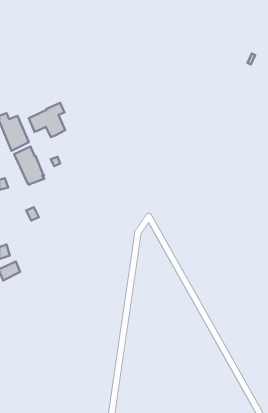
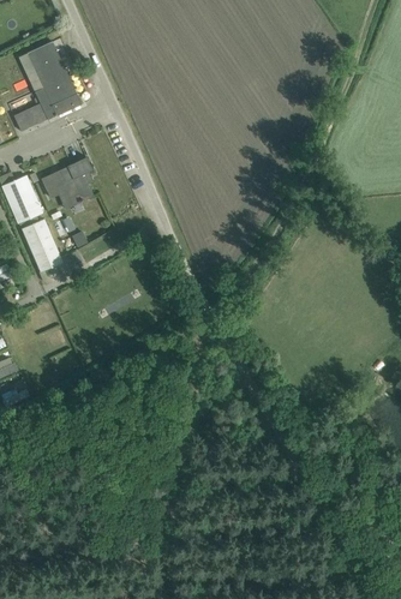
building: none -> [13,41,80,132]

